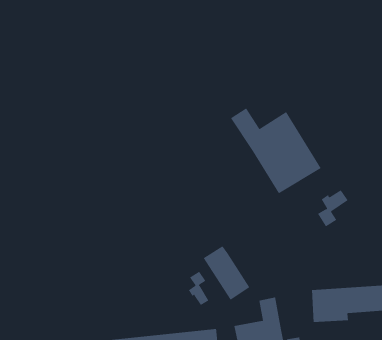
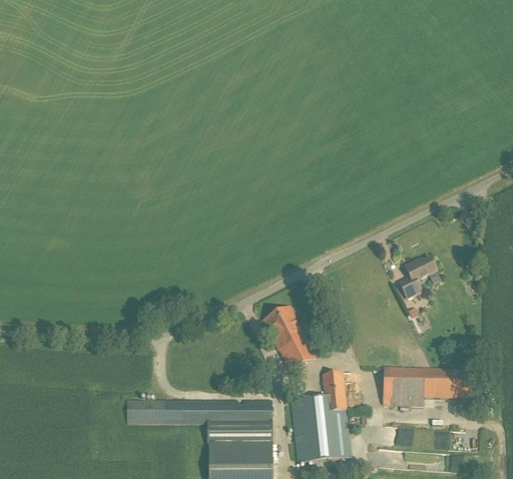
building: [230,108,321,194] -> none
building: [188,271,209,306] -> none

